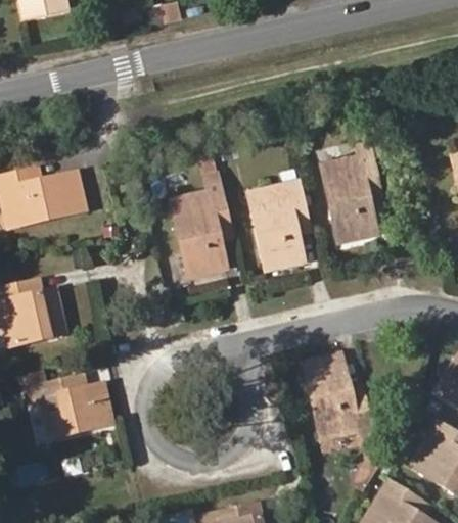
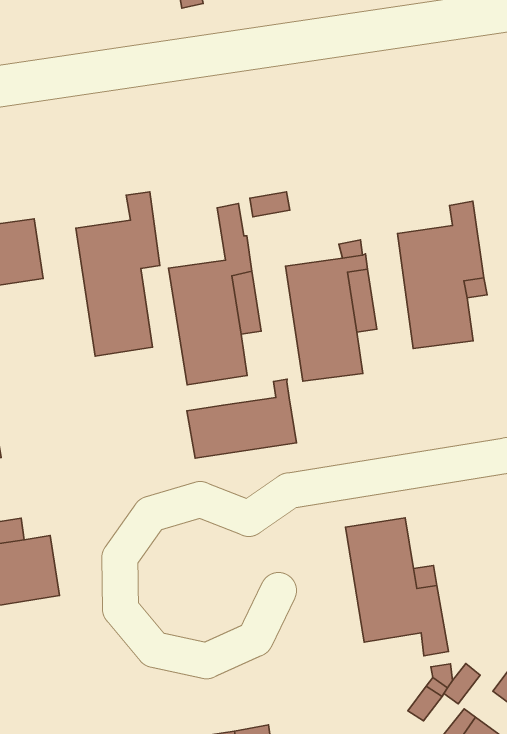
building: none -> [76,192,160,356]
building: none -> [187,379,296,458]

